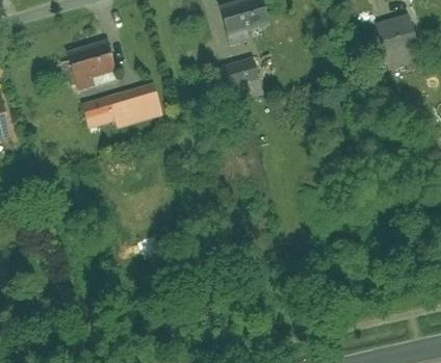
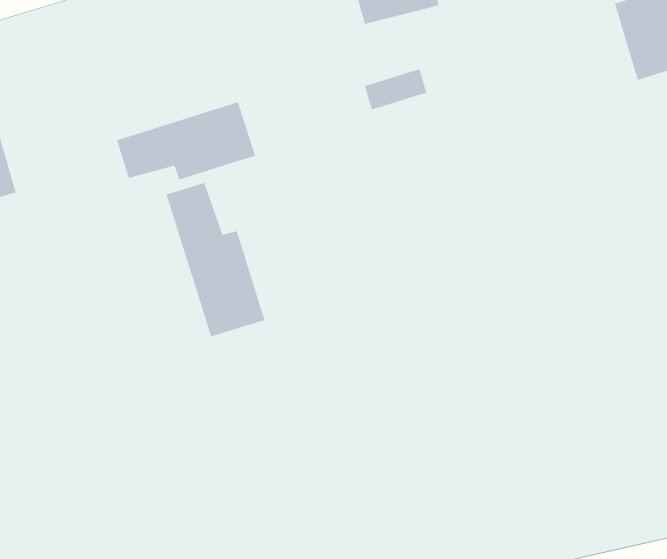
building: [68,40,120,85] -> none
building: none -> [166,182,265,337]

